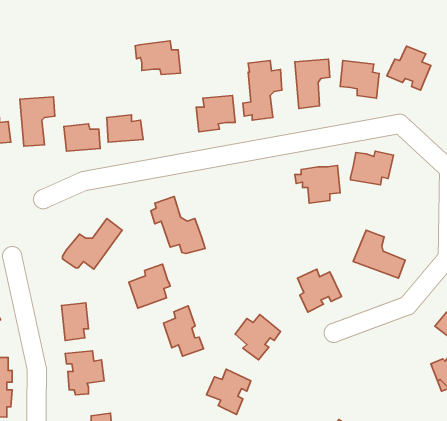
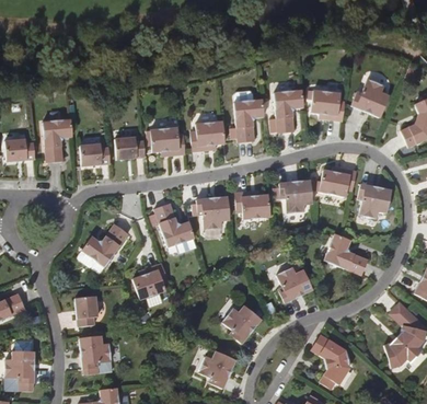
building: [135,41,181,75] -> [146,125,184,153]
building: none -> [357,183,391,216]
building: none -> [234,189,268,218]
building: none -> [196,198,228,229]
building: [163,306,203,356] -> none
building: none -> [310,335,349,389]

